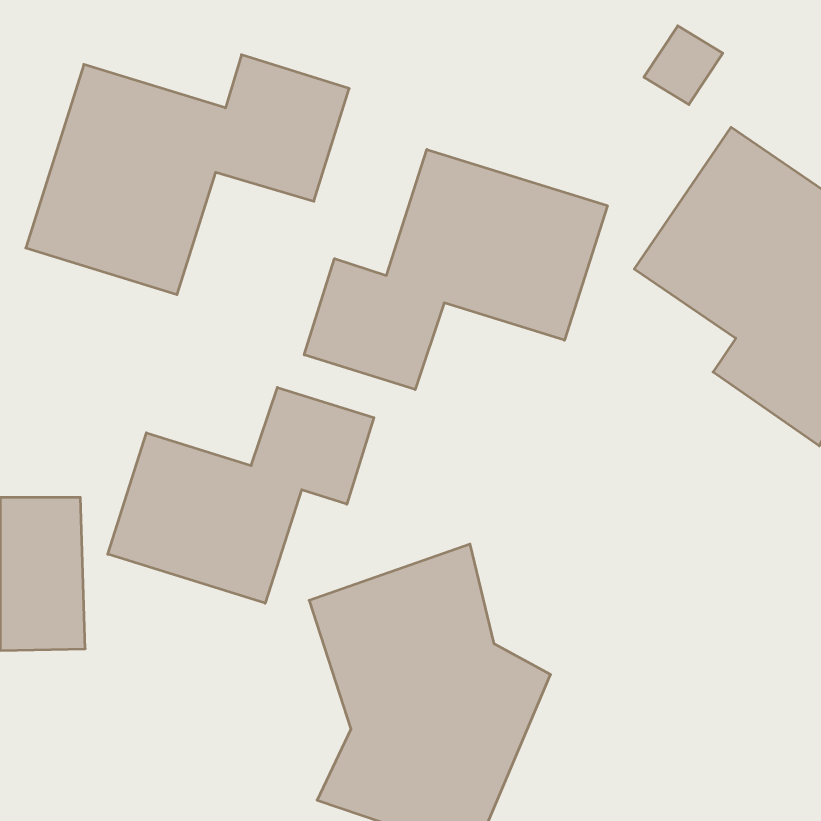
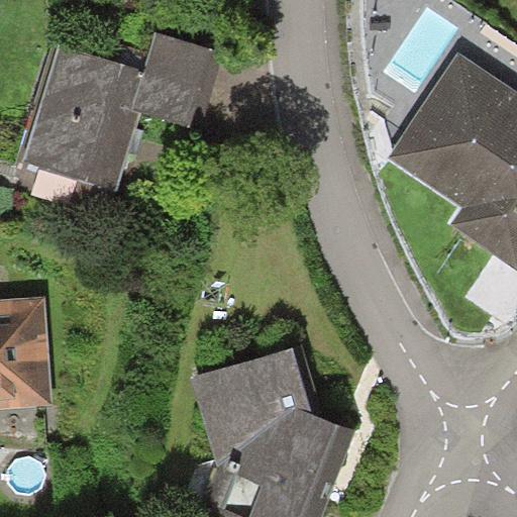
building: [304,149,607,390] -> none
building: [108,387,374,603] -> none

